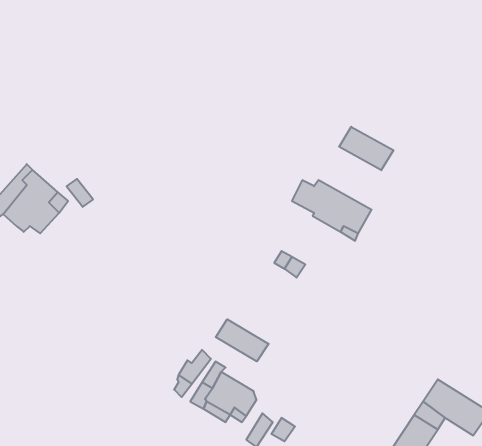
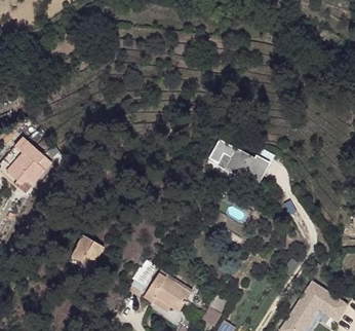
building: [339,127,393,170] -> none
building: none -> [73,236,109,270]
building: [216,319,269,361] -> none

